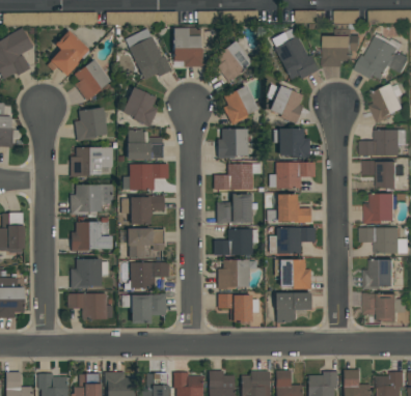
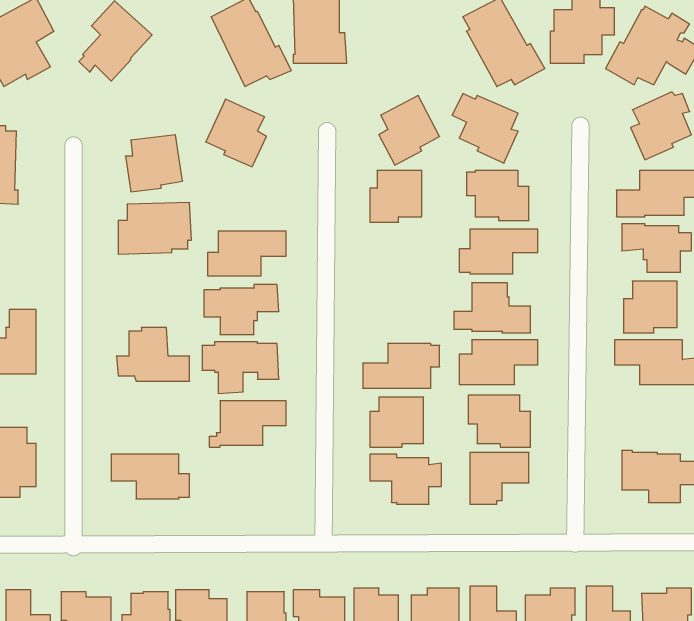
building: [216,40,252,82] -> none
building: [75,60,111,101] -> none
building: [128,130,163,160] -> none
building: [214,164,262,190] -> none
building: [72,182,113,216] -> none
building: [217,194,252,224] -> none
building: [71,259,109,289] -> none
building: [364,259,395,289] -> none
building: [121,293,166,323] -> none

